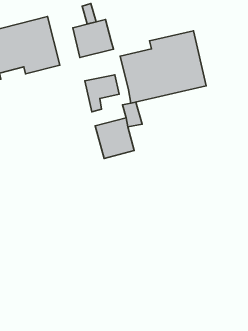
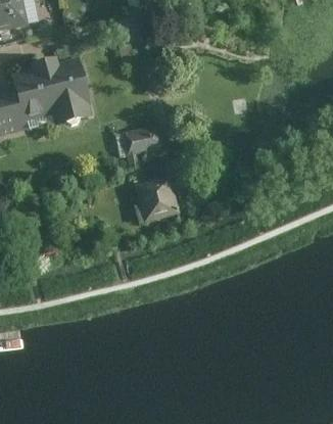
building: [73,20,114,58] -> none
building: [120,31,206,103] -> none

